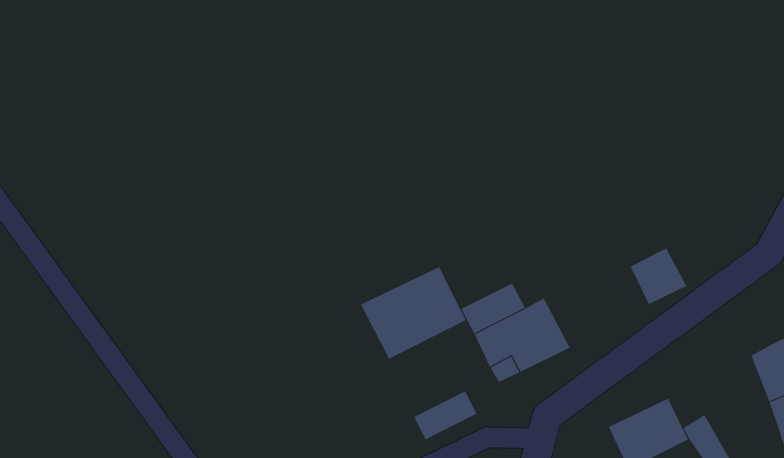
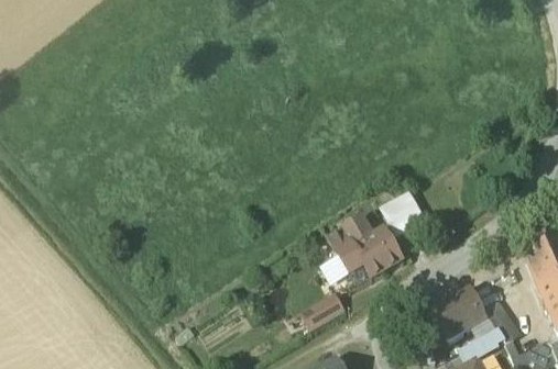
building: [630,247,687,305] -> [385,194,425,234]
building: [360,266,466,359] -> none

